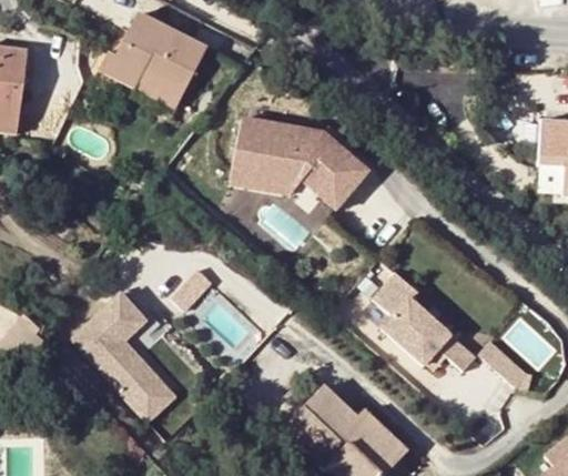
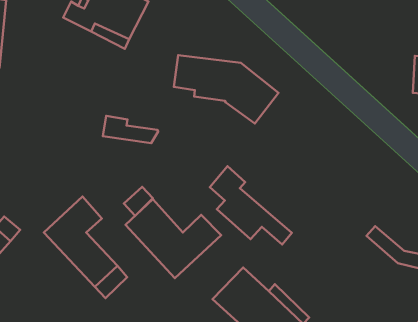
building: [232,158,302,192] -> [103,116,158,143]
building: [374,265,477,364] -> [210,166,292,244]
building: none -> [126,199,221,278]

